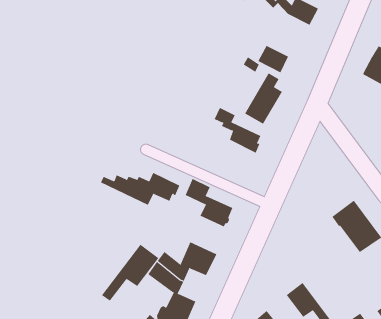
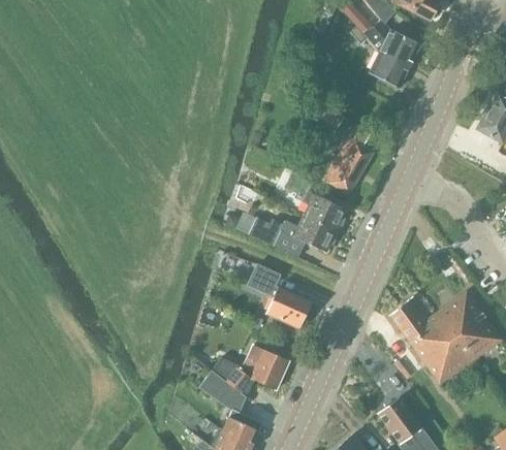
building: [257,45,289,73] -> [369,53,409,89]
building: [100,172,180,206] -> [236,215,340,258]
building: none -> [390,298,473,384]
building: [101,244,159,302] -> none

